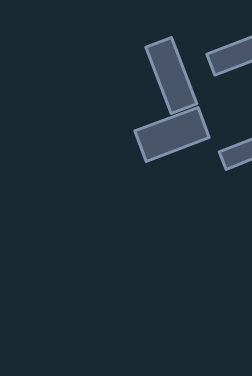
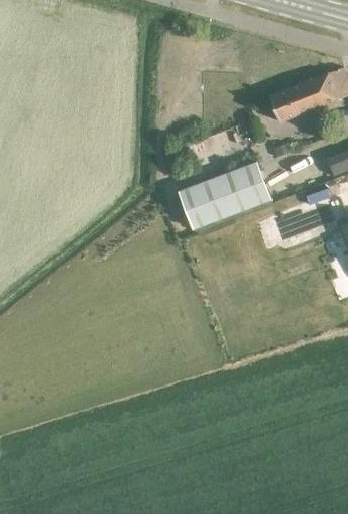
building: [146,37,197,114] -> none

